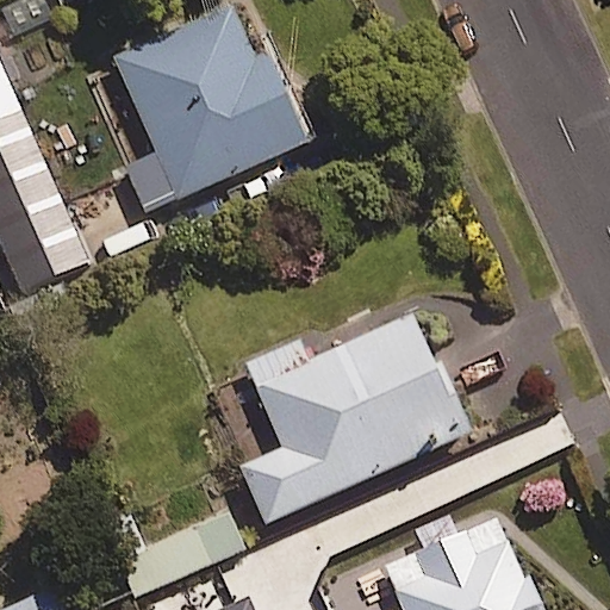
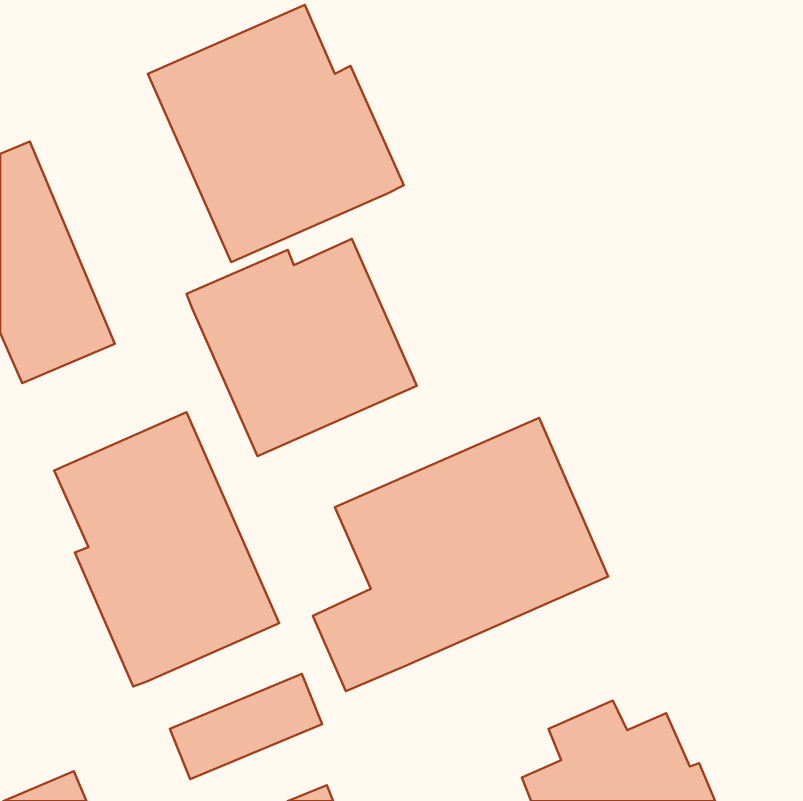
building: none -> [186,239,417,456]
building: none -> [54,412,279,687]

